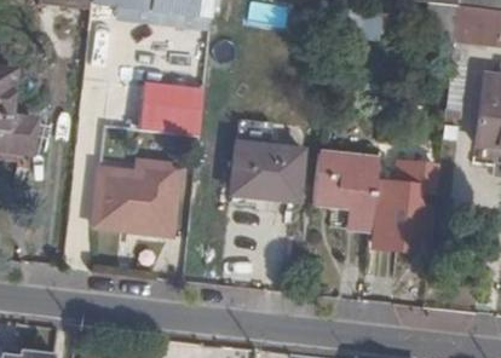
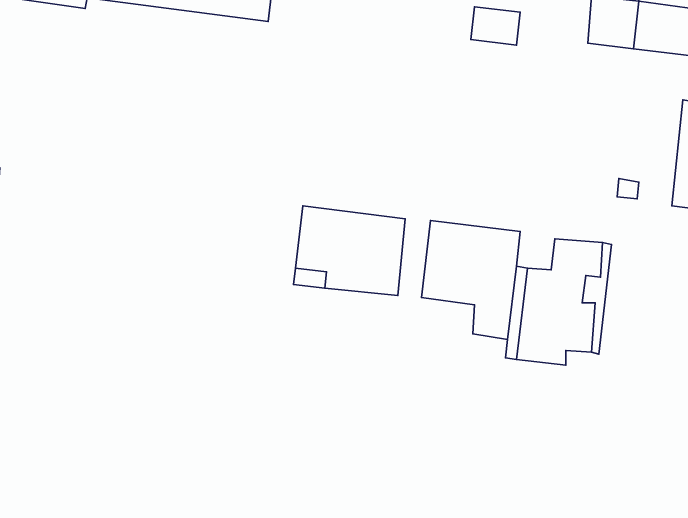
building: [139,82,202,133] -> none
building: [94,158,180,231] -> none

